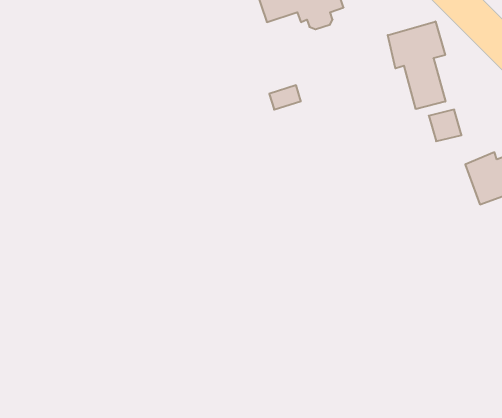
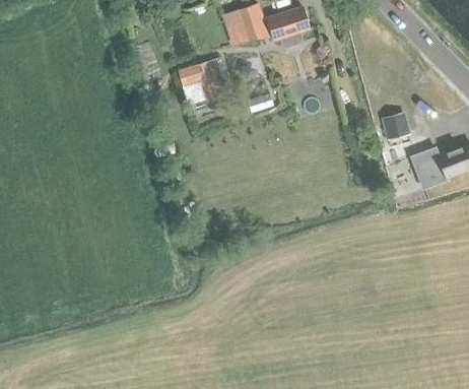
building: [388,21,445,109] -> none
building: none -> [176,57,226,103]

